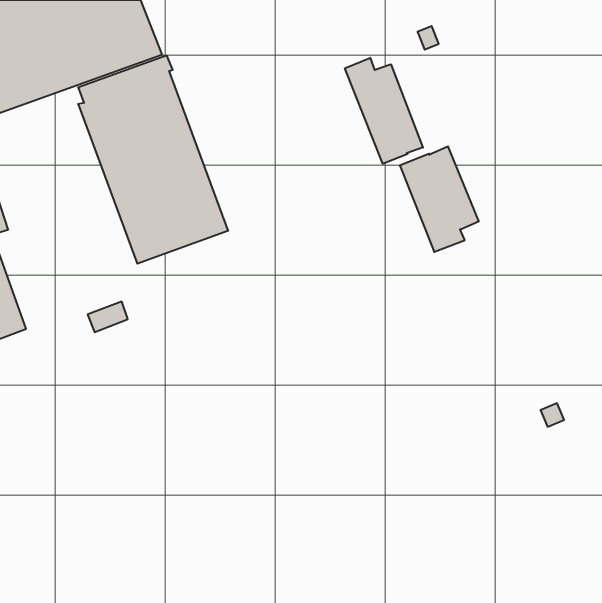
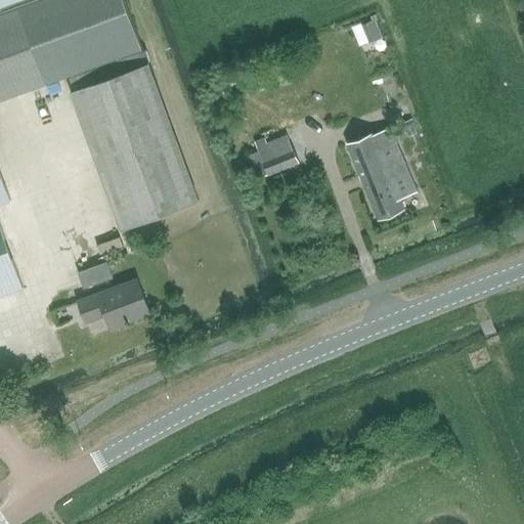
building: [345,58,423,164] -> none
building: none -> [253,135,297,175]
building: none -> [78,281,147,332]

